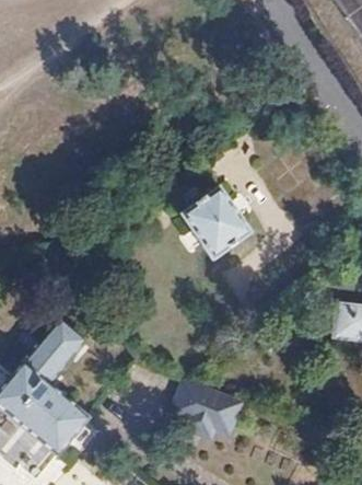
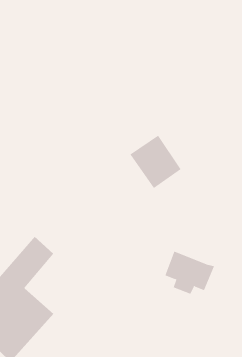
building: [176,378,241,434] -> [164,251,215,294]

